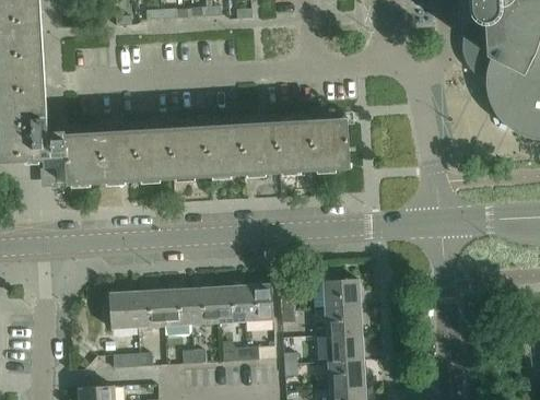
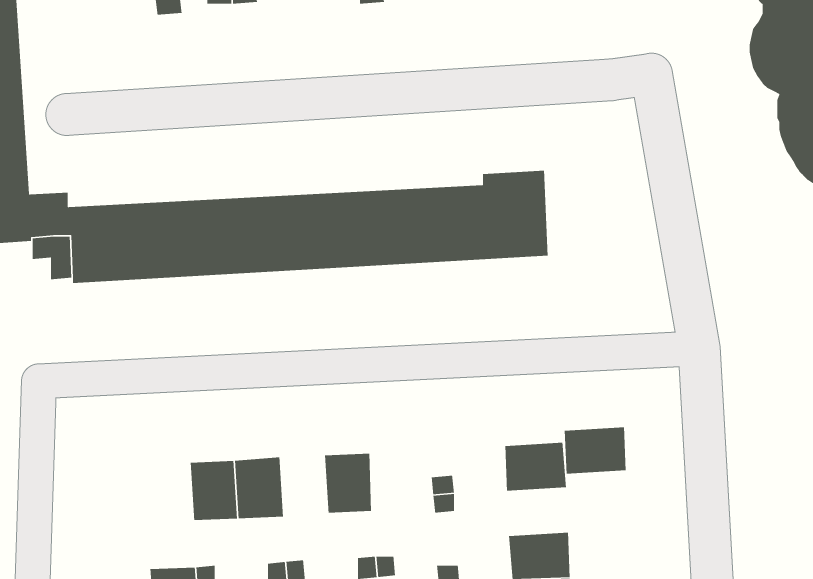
building: [244,283,272,320] -> none
building: [190,286,219,323] -> none
building: [109,291,139,328] -> none
building: [325,306,362,334] -> [564,427,627,474]

